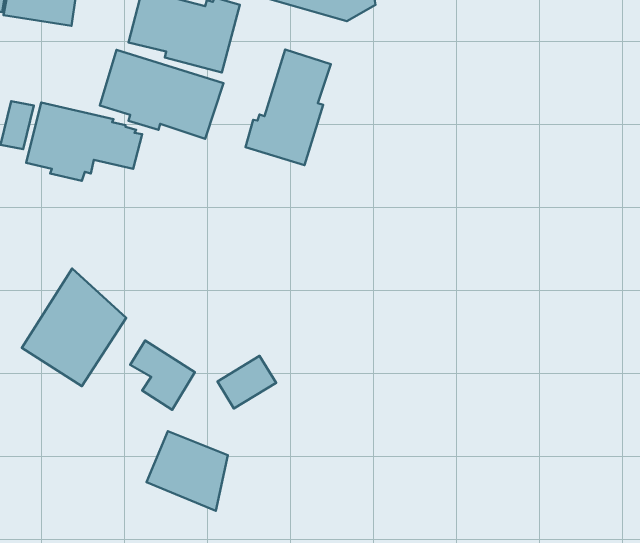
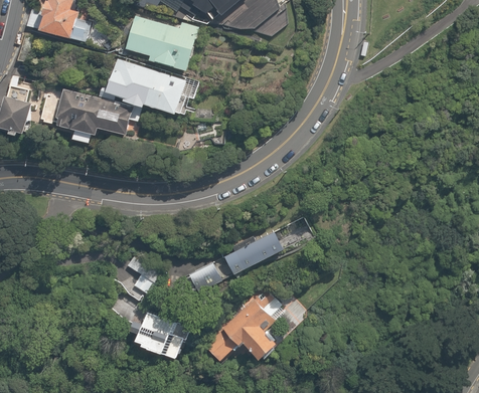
building: [246,50,331,165] -> none
building: [22,268,126,386] -> none
building: none -> [218,223,282,272]
building: none -> [203,297,283,367]

